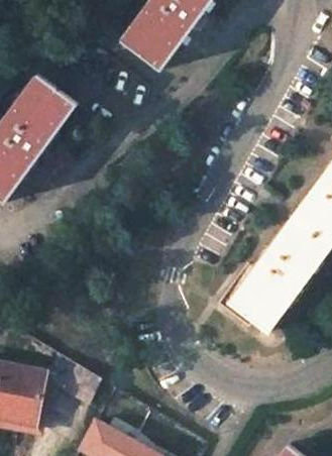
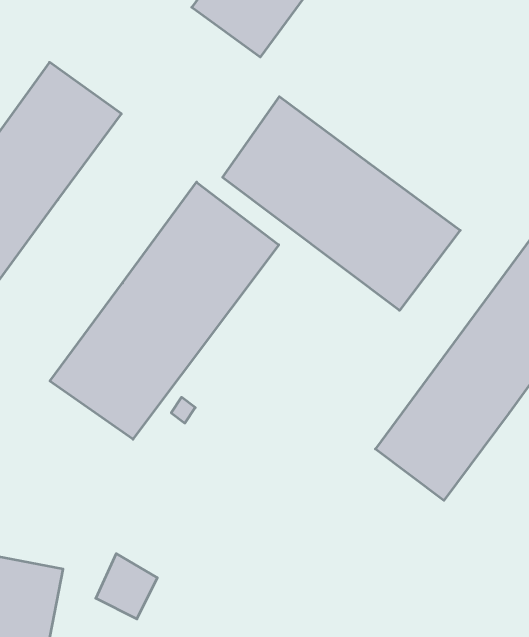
building: none -> [223,97,460,310]
building: none -> [50,182,279,439]

